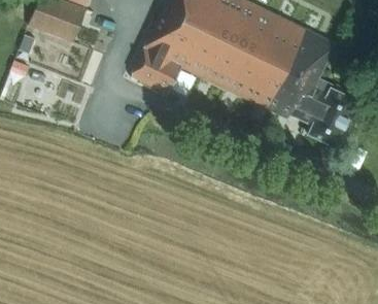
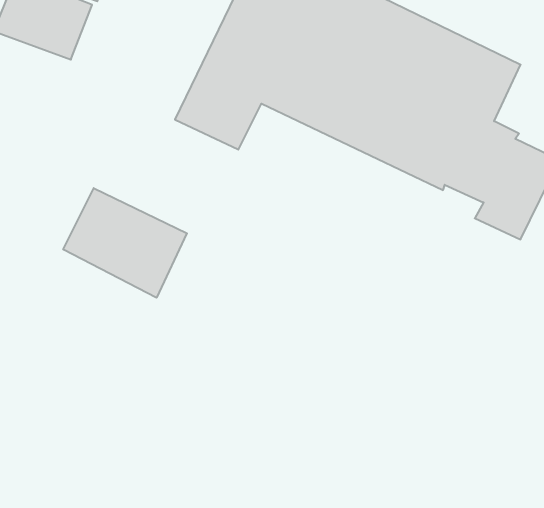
building: none -> [63,188,187,298]

